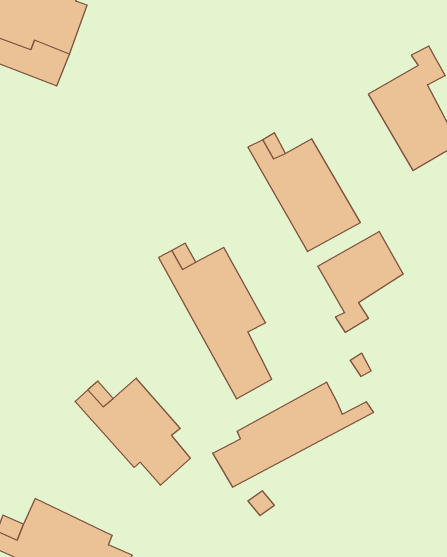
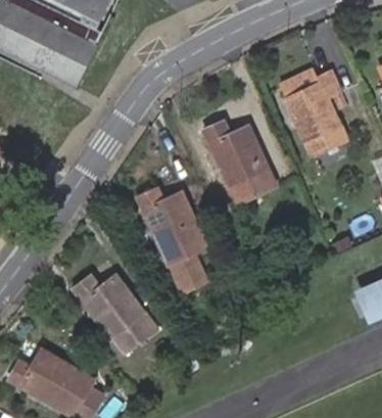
building: [318,231,403,332] -> none
building: [213,382,373,487] -> none

